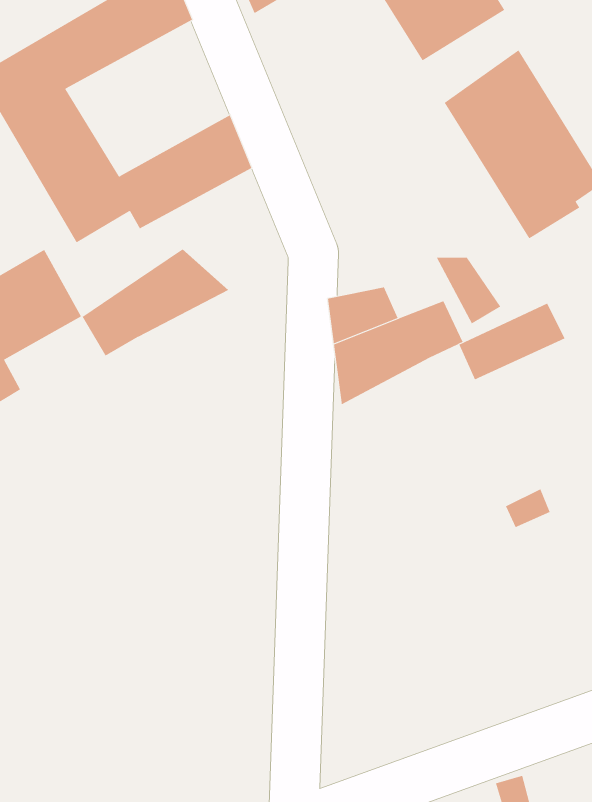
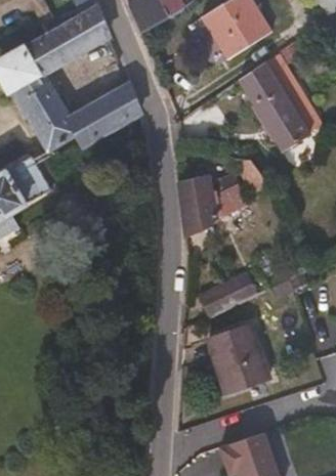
building: [82,248,229,357] -> none
building: [459,303,565,380] -> [201,274,256,314]
building: none -> [208,324,269,391]

